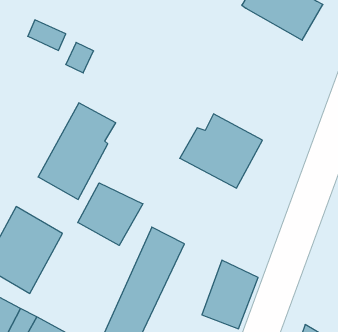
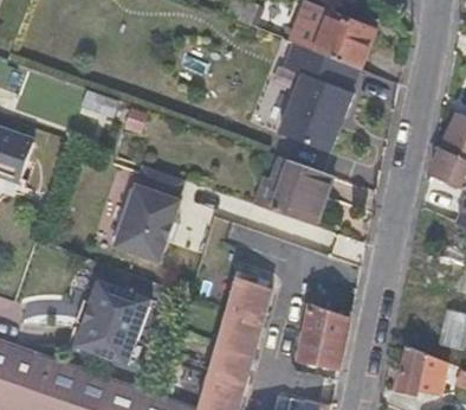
building: none -> [281,44,361,154]
building: [78,183,143,245] -> none

